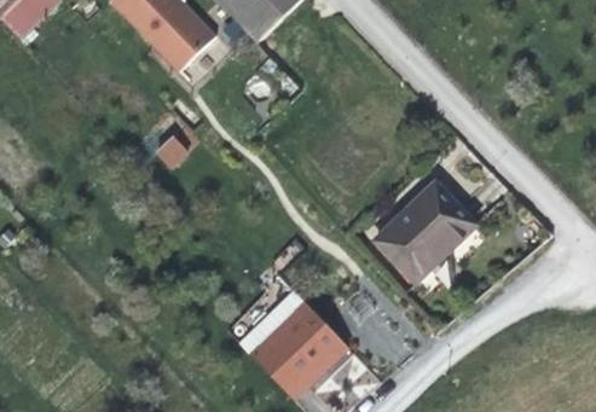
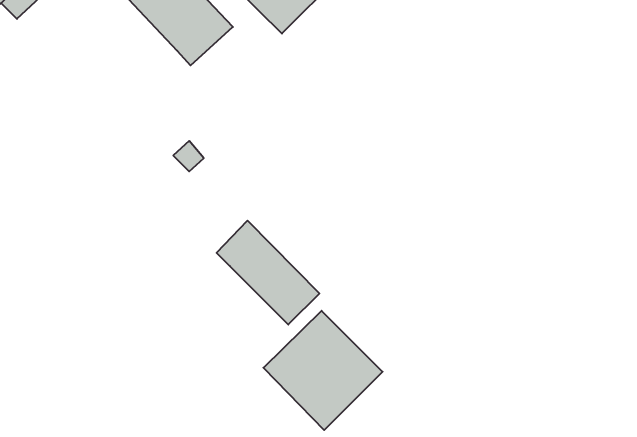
building: [375,181,478,283] -> none
building: none -> [217,221,319,325]

